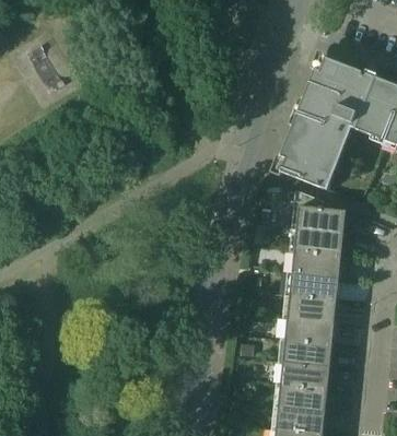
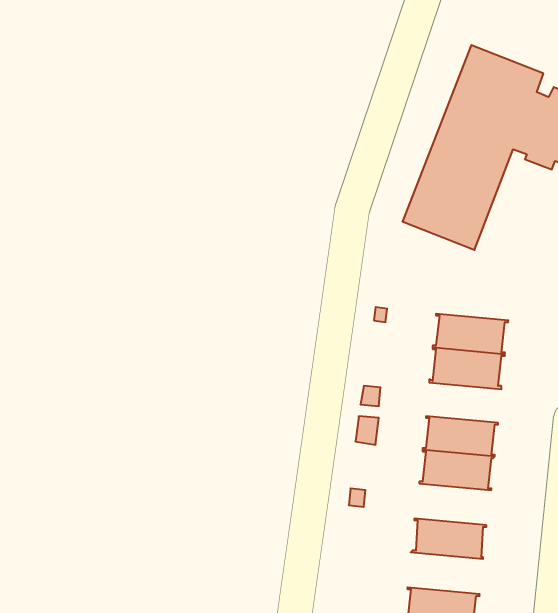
building: [294,191,347,235] -> none
building: [291,275,340,302] -> none
building: [283,341,334,368] -> none
building: [279,386,328,413] -> none

